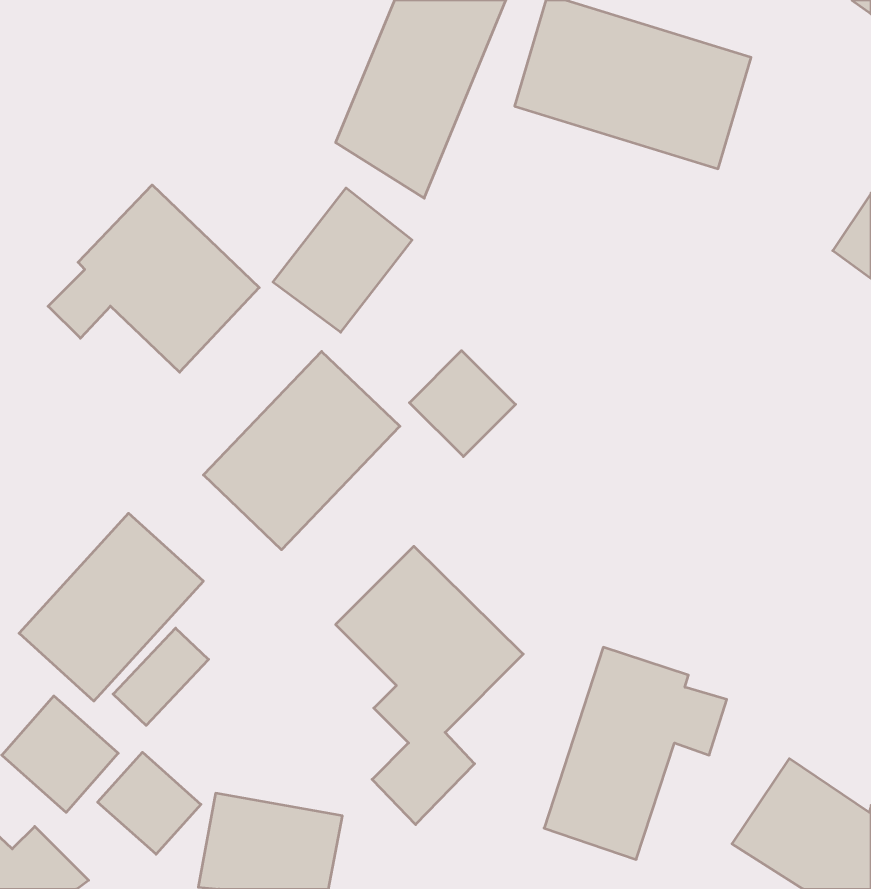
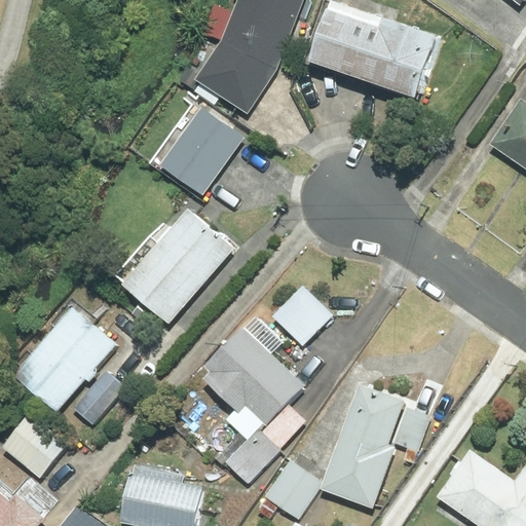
building: [48,185,259,372] -> none
building: [409,351,516,457] -> [270,286,333,348]
building: [98,752,201,854] -> none
building: none -> [254,460,318,521]

